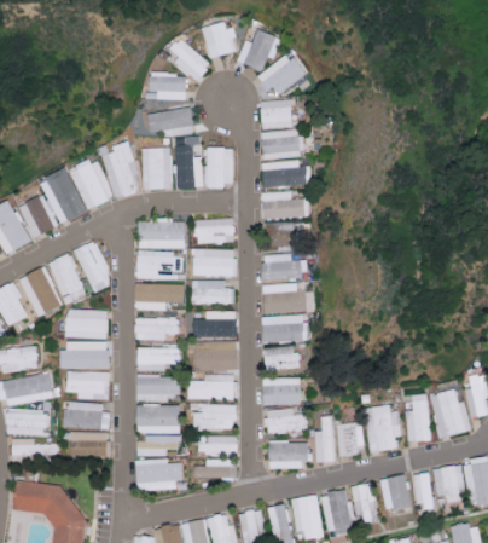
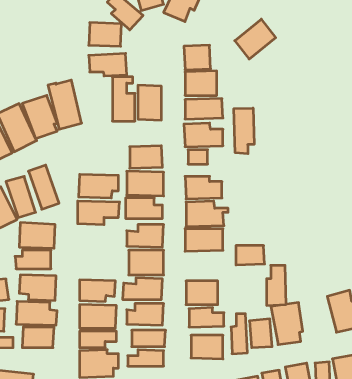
building: [256,52,304,99] -> [235,19,276,59]
building: [141,148,172,190] -> none
building: none -> [234,108,254,154]
building: [138,220,186,249] -> none
building: [135,317,179,340] -> none
building: [136,347,180,371] -> none
building: [263,347,297,370] -> [236,246,265,265]
building: [407,394,430,441] -> [267,265,286,305]

